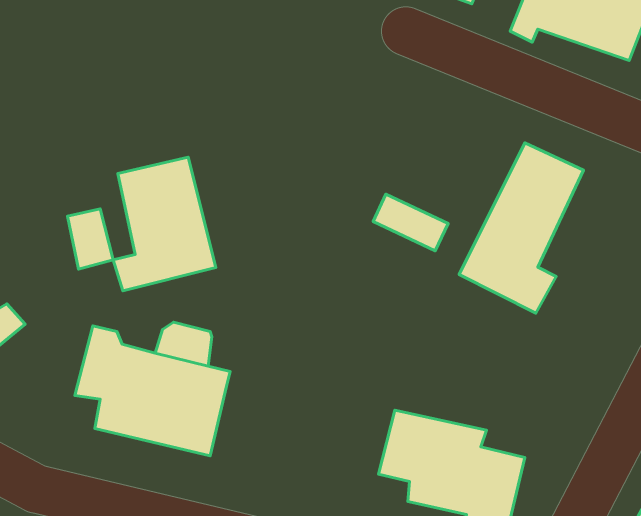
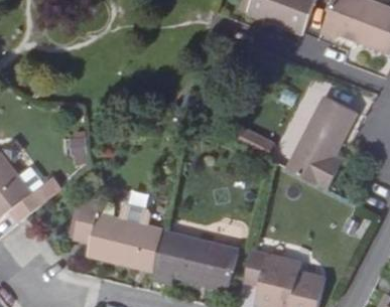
building: [113,157,216,291] -> none
building: none -> [149,234,234,291]

